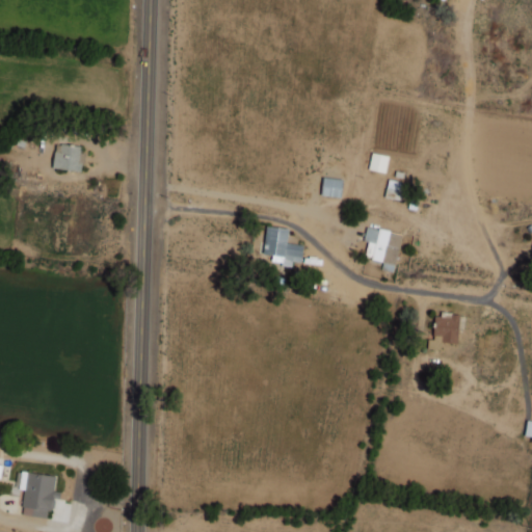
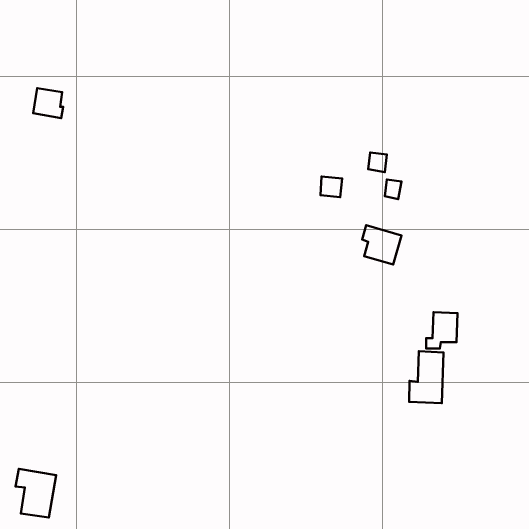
building: [53,143,83,174] -> [33,88,63,118]
building: [265,228,303,263] -> none
building: none -> [409,351,443,403]

